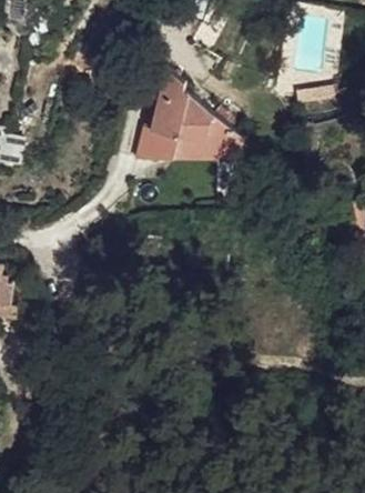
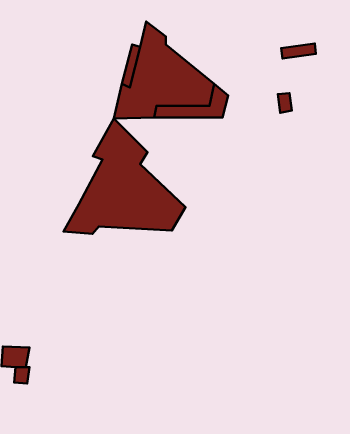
building: none -> [64,119,186,234]

